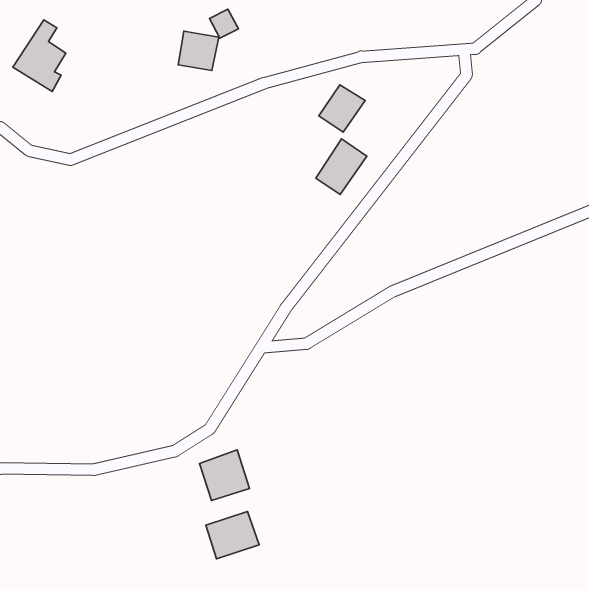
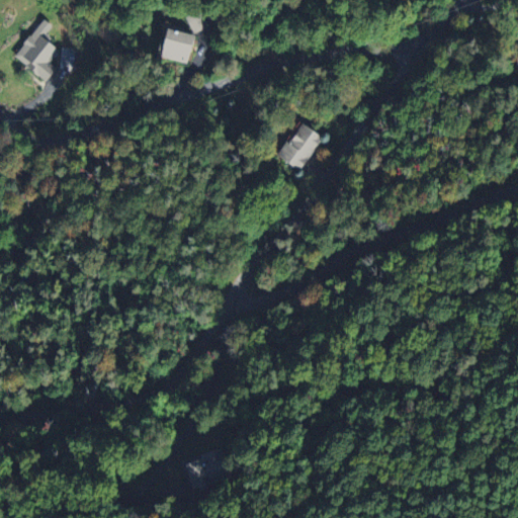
building: [319,85,365,132] -> none
building: [199,450,249,501] -> none

